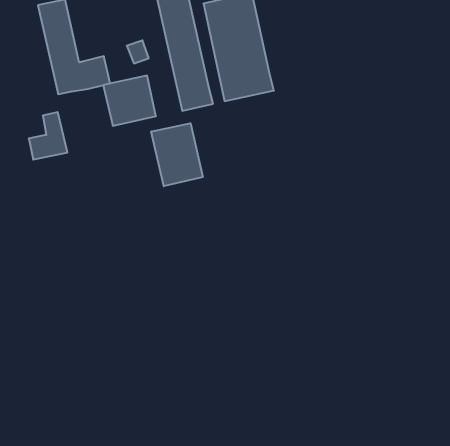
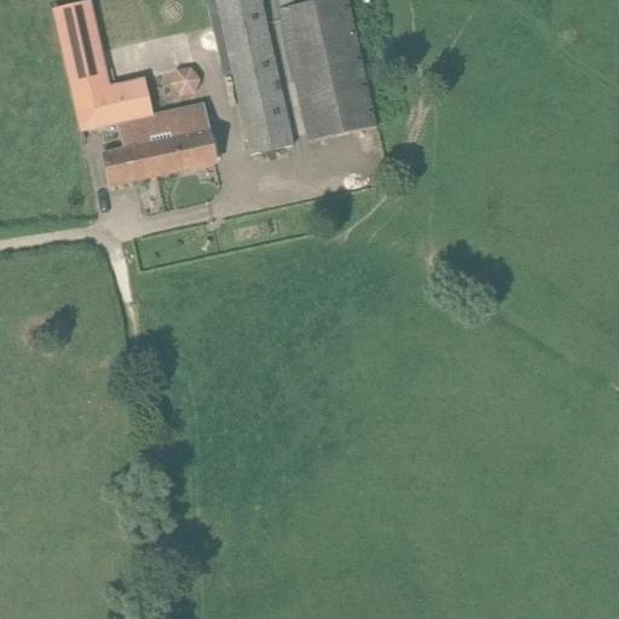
building: [29,112,67,160] -> [102,117,155,183]
building: [151,123,203,186] -> none

